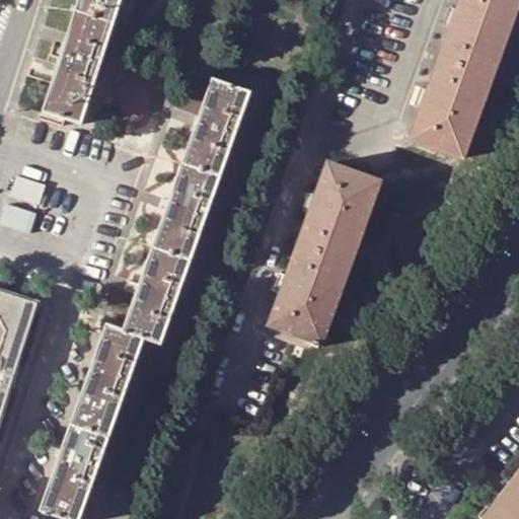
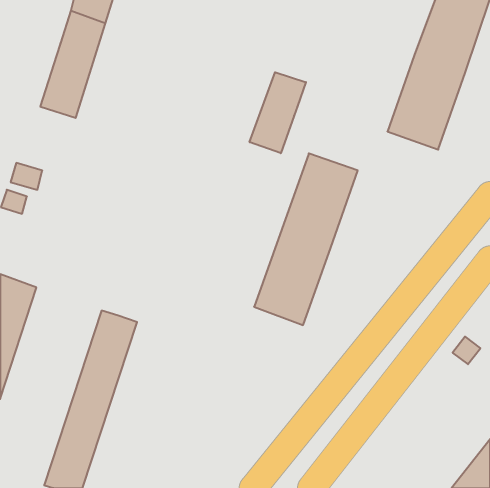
building: [125,75,247,347] -> none
building: none -> [250,72,306,153]

